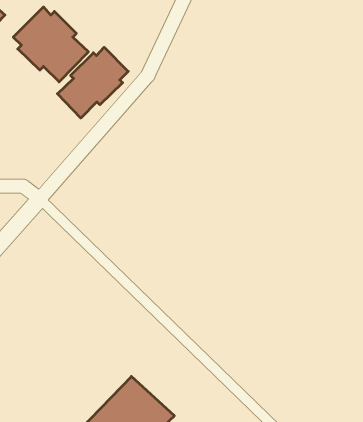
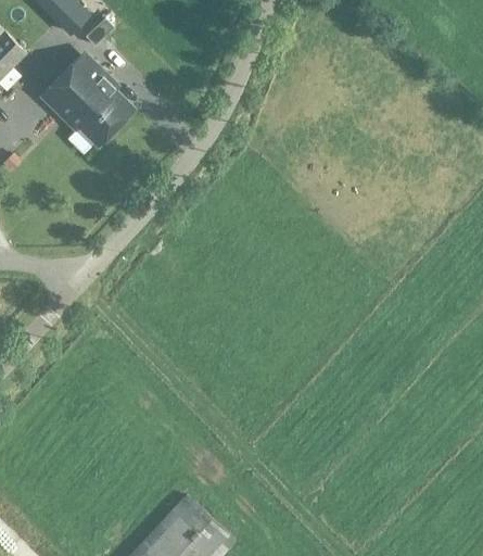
building: [57,47,128,118] -> none

